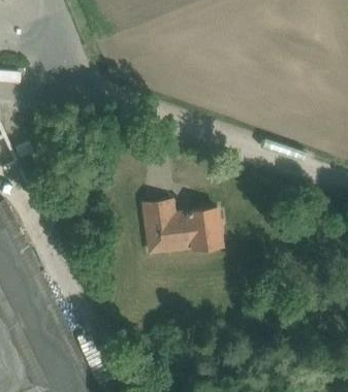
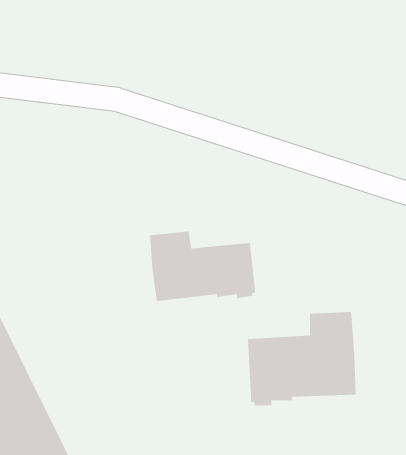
building: none -> [247,311,357,406]

